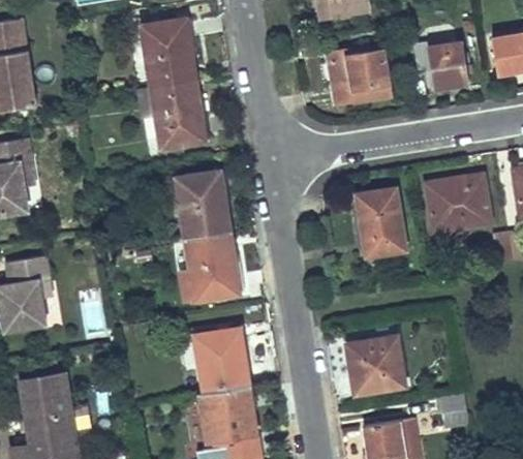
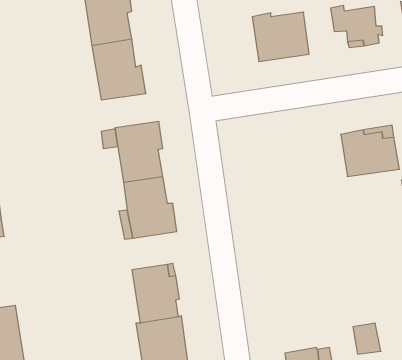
building: [357,189,404,255] -> none
building: [346,336,404,394] -> none

